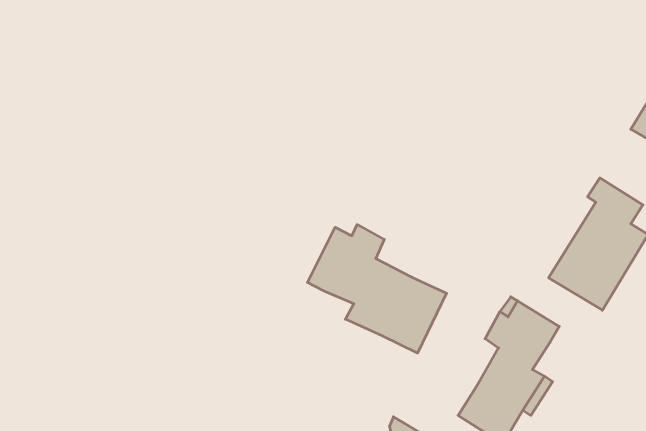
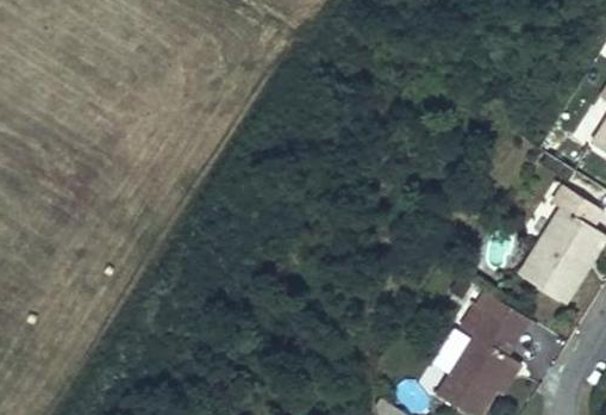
building: [307,225,447,353] -> none

